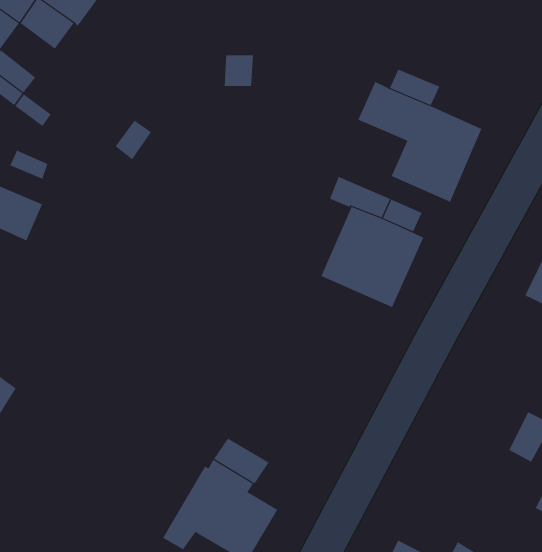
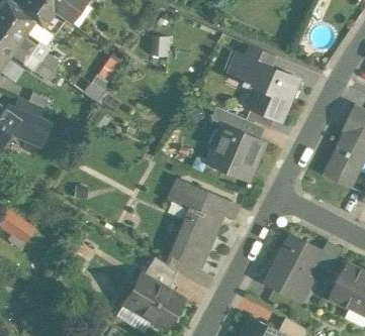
building: none -> [171,181,239,267]
building: none -> [267,237,321,299]

